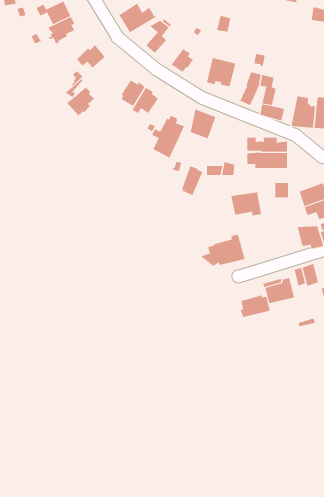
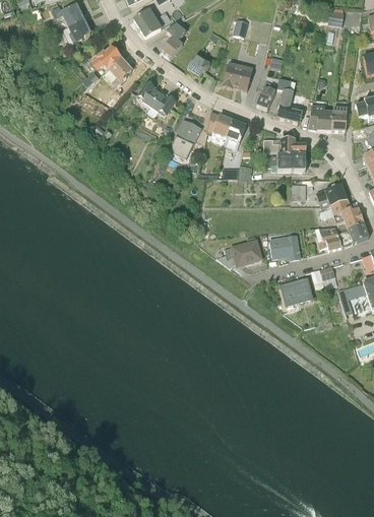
building: [67,87,95,116] -> [104,57,132,86]
building: [182,166,203,196] -> [225,119,246,149]
building: [230,192,262,216] -> [268,237,300,261]
building: [240,295,270,318] -> none

